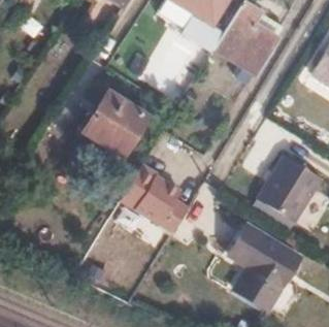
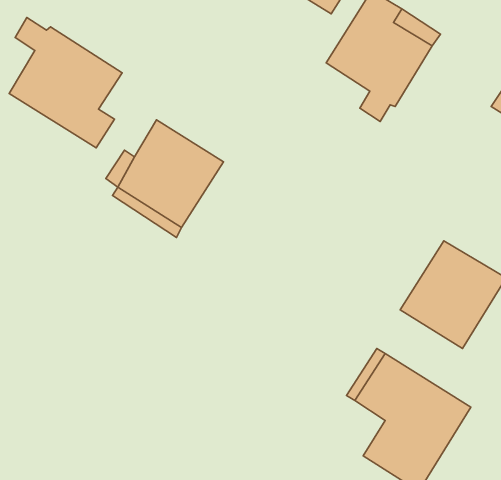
building: none -> [9,17,122,148]
building: [121,157,192,227] -> none

